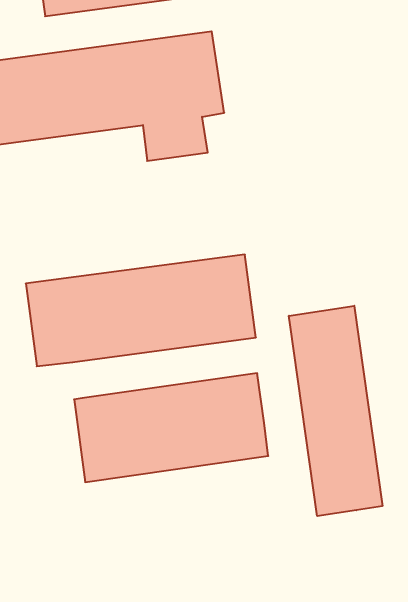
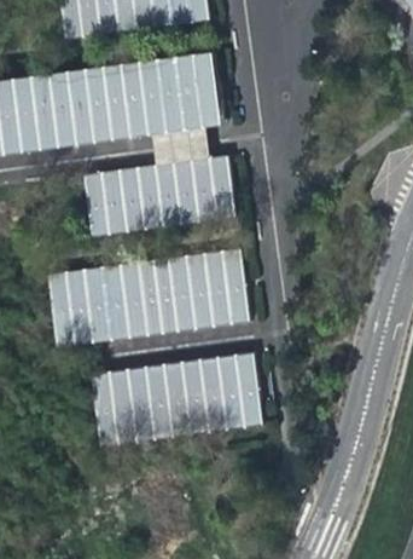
building: none -> [85,156,235,236]
building: [289,306,382,516] -> none

